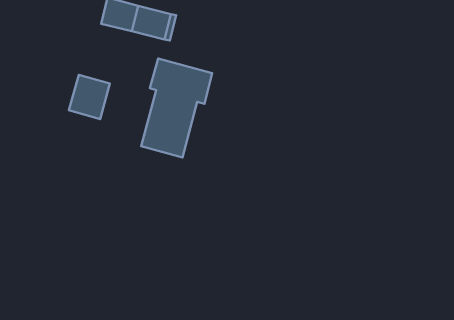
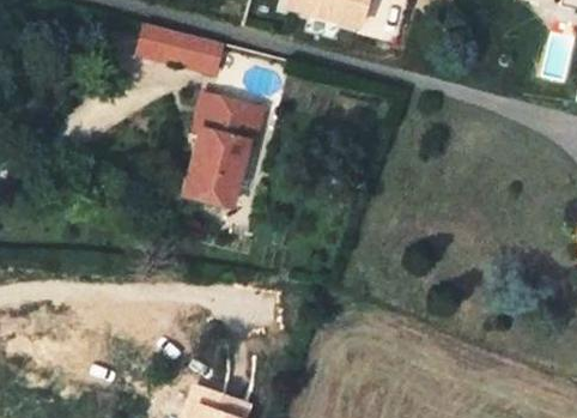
building: [69,75,110,119] -> none

